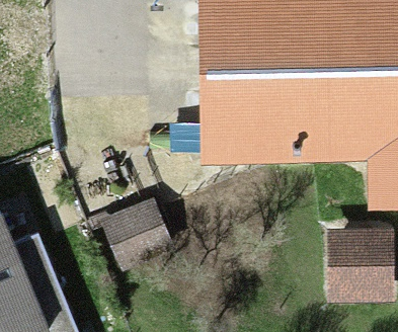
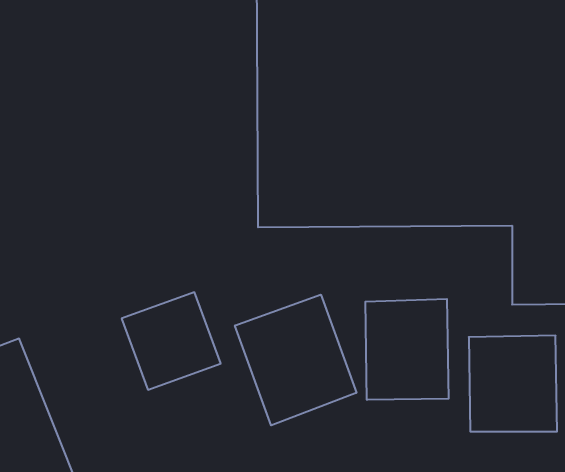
building: none -> [235,295,356,425]
building: none -> [365,299,449,400]

